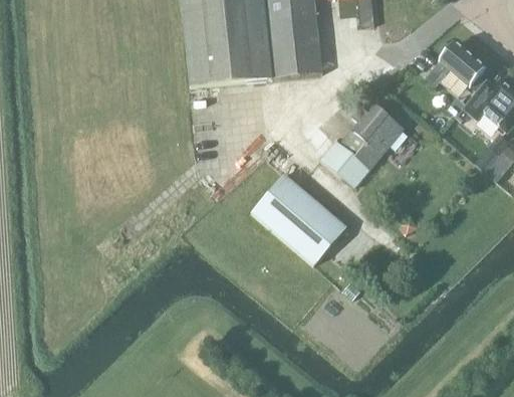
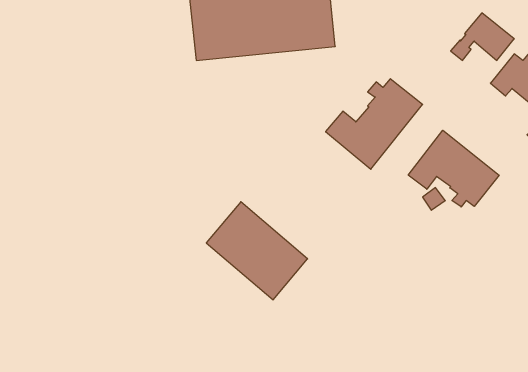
building: none -> [408,130,499,207]
building: [251,174,345,265] -> [206,202,308,300]

